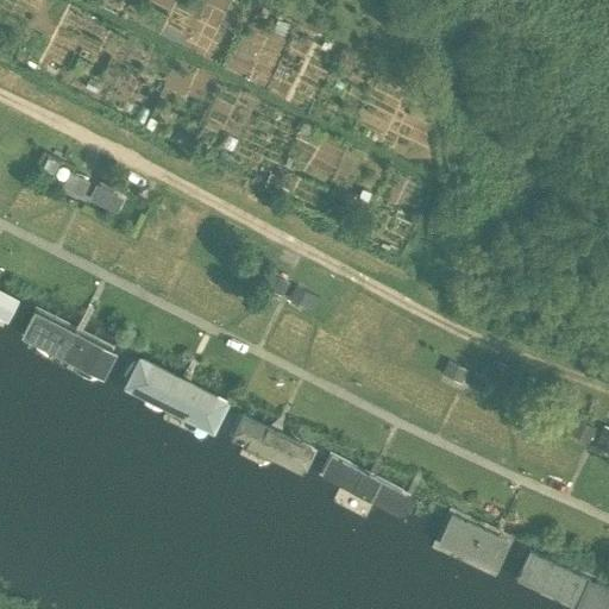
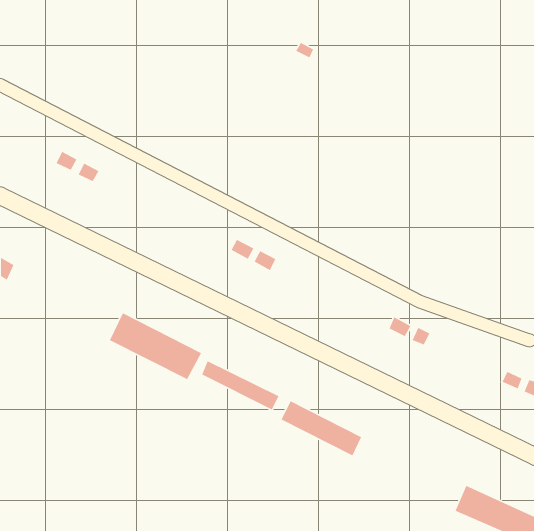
building: [23,312,118,379] -> none
building: [437,516,511,575] -> none

